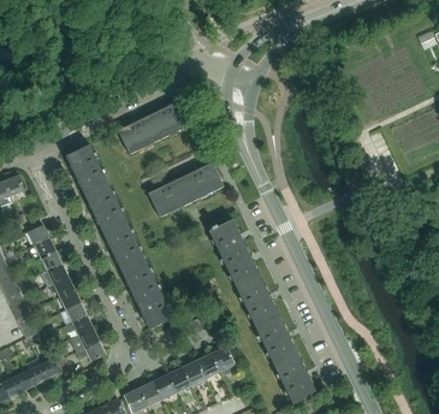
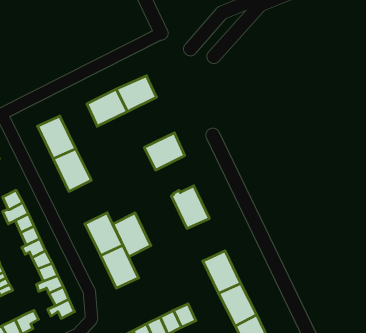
building: [147,178,191,218] -> none
building: [99,213,140,260] -> [113,213,151,257]
building: [225,254,266,300] -> none

